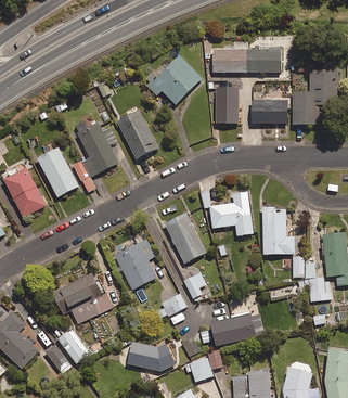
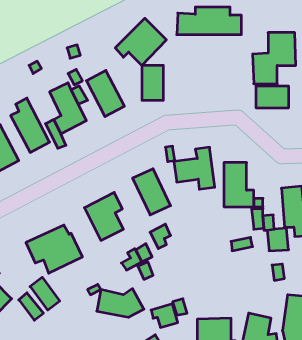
building: [216,87,239,124] -> [142,65,163,100]
building: [253,100,287,123] -> [256,86,289,108]
building: [211,312,263,345] -> none

